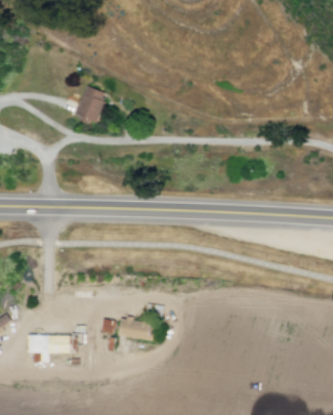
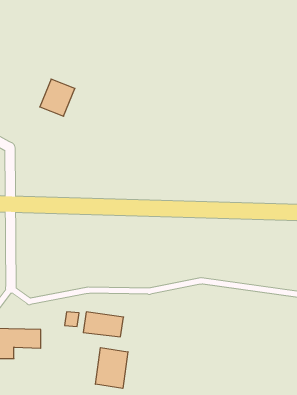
building: none -> [95,348,128,388]

